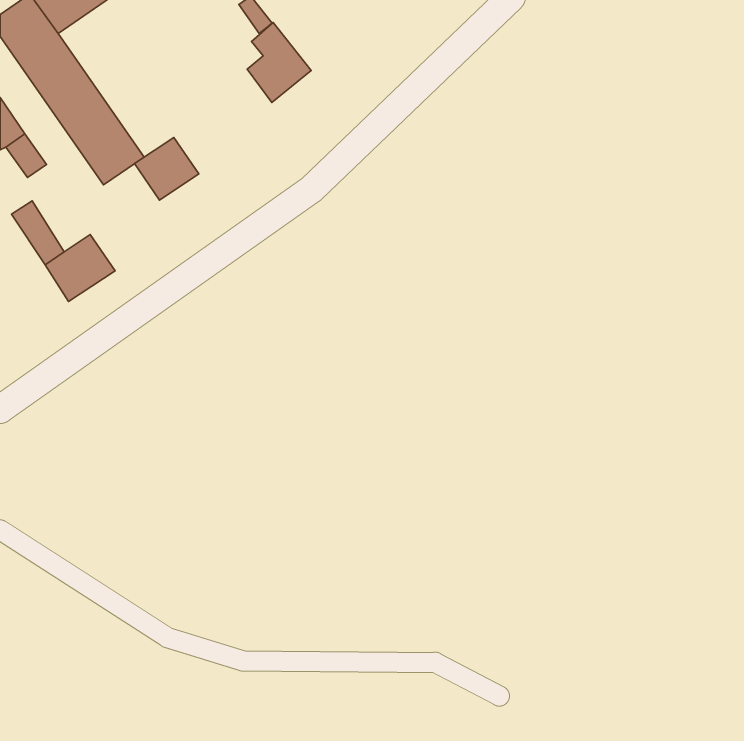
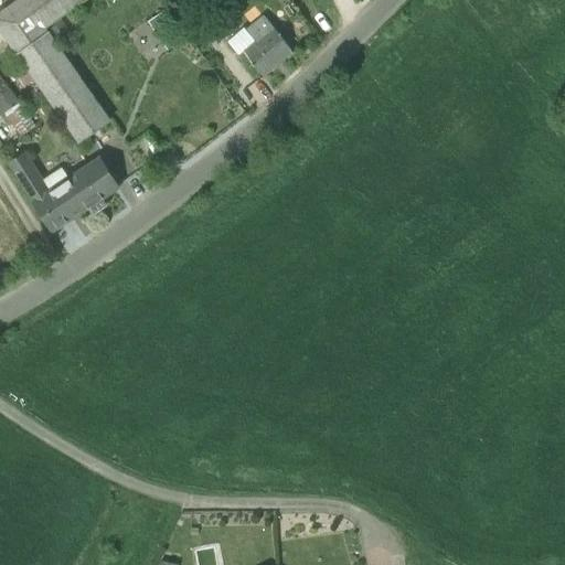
building: [247,22,311,102] -> [244,14,292,75]
building: [135,137,199,200] -> [68,158,117,205]

